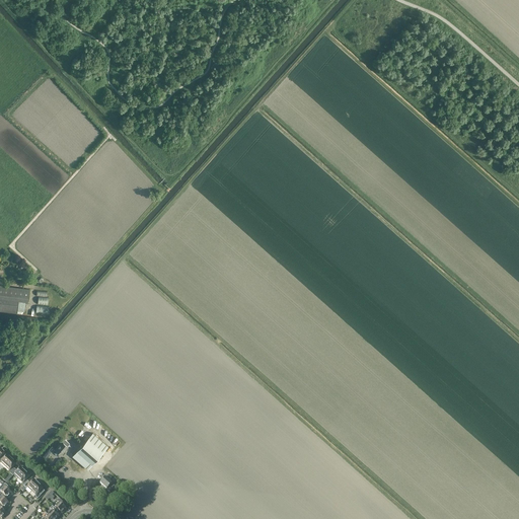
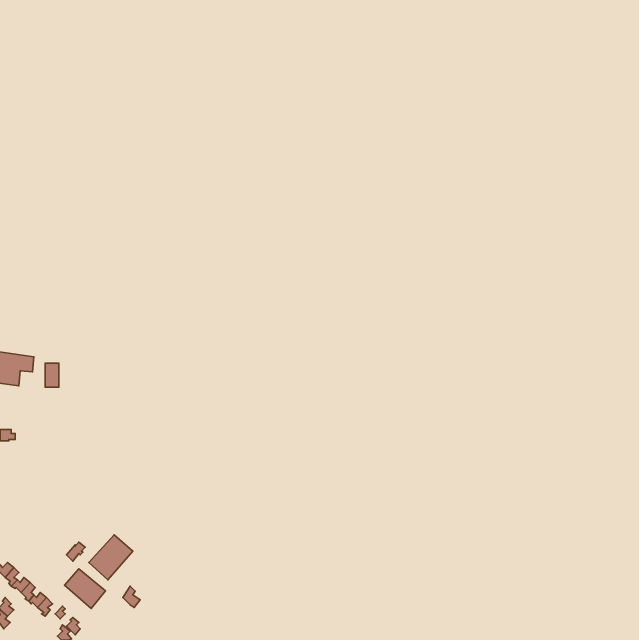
building: none -> [65,569,105,608]

